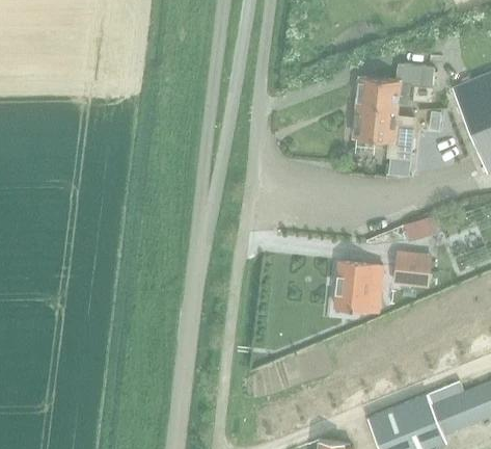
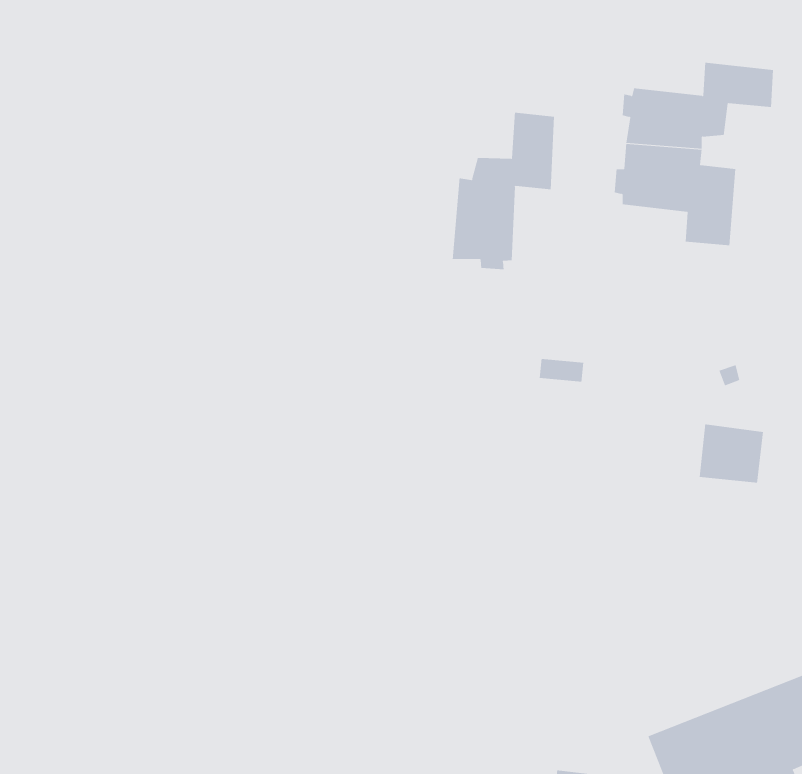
building: none -> [452,112,555,270]
building: [335,262,384,312] -> none

